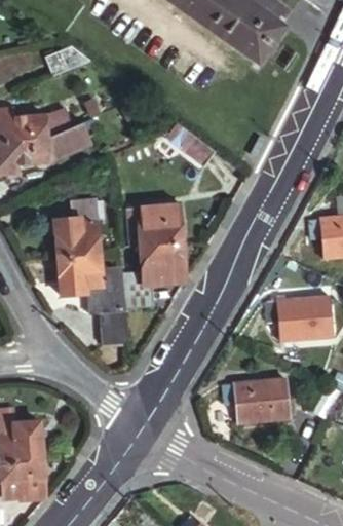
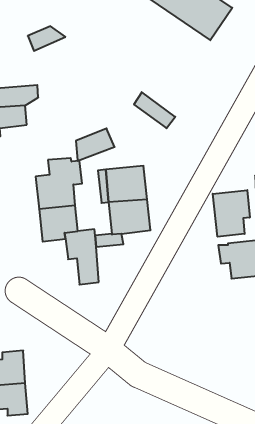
building: [41,123,86,161] -> [76,128,115,161]
building: none -> [213,190,250,237]
building: [223,379,291,423] -> none

